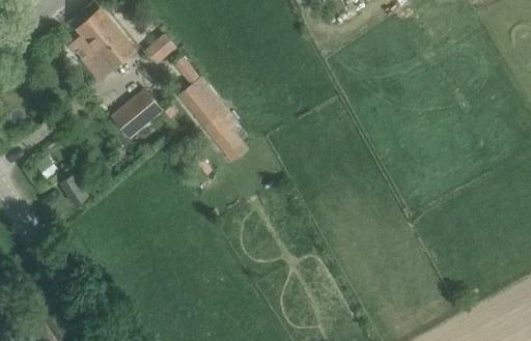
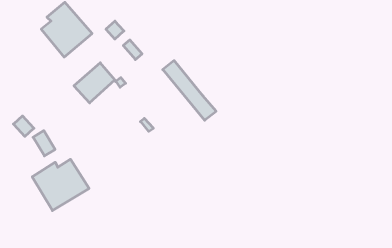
building: [178,85,246,161] -> [163,61,216,120]
building: none -> [32,159,89,211]

